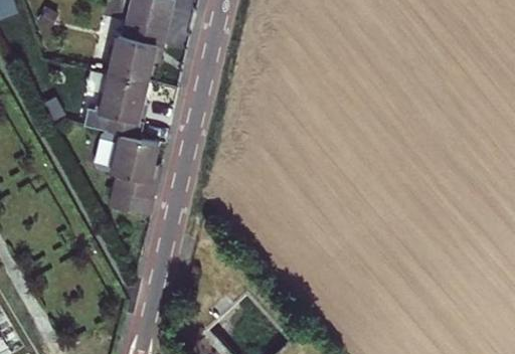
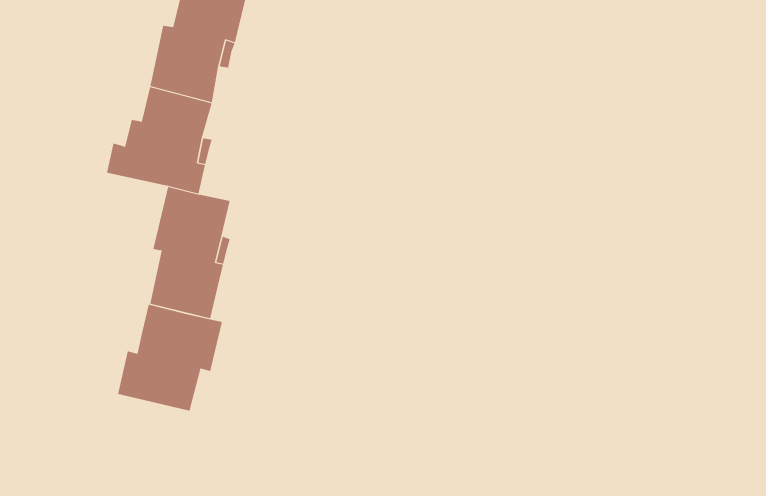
building: none -> [117,304,222,411]

